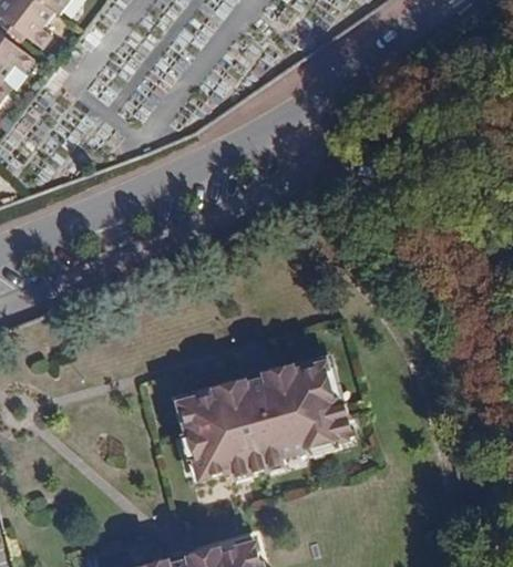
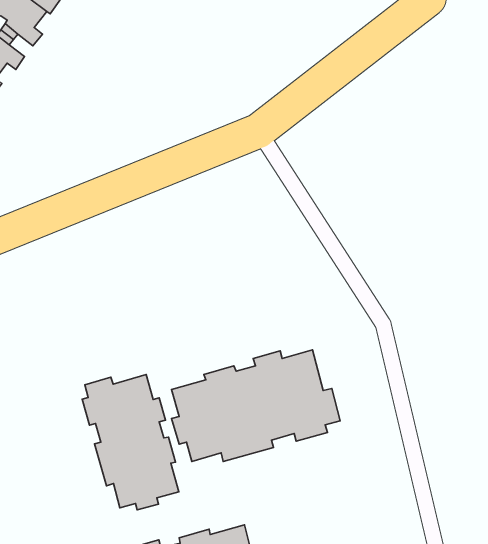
building: none -> [82,374,179,510]

